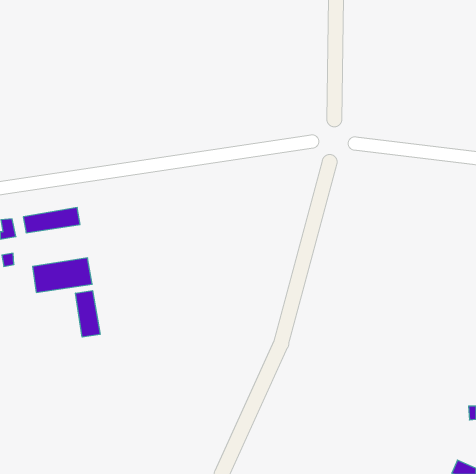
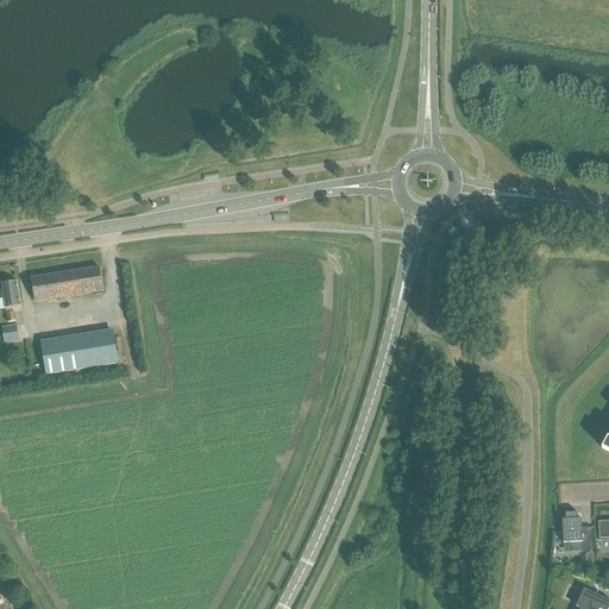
building: [76,291,100,337] -> none
building: none -> [560,511,594,548]

